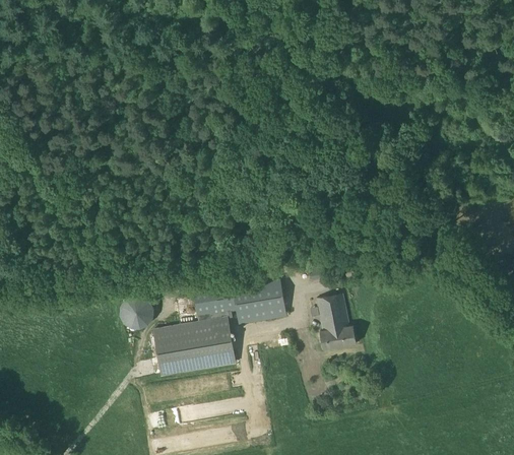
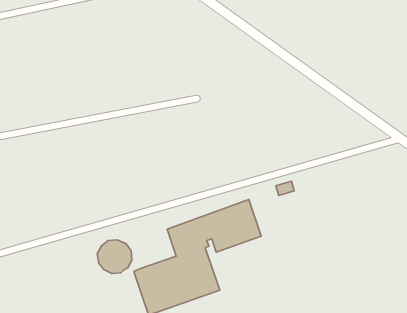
building: [316,292,356,348] -> none

